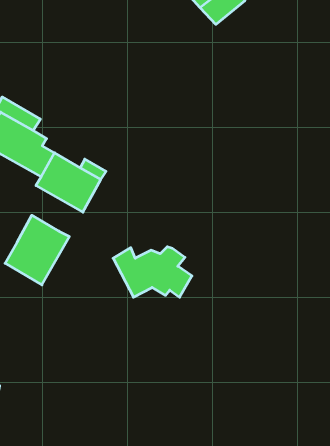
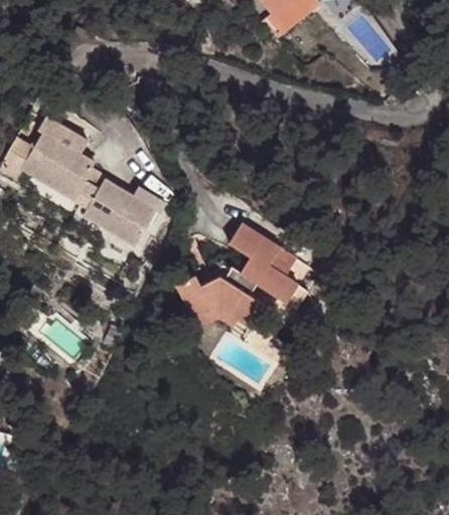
building: none -> [224,229,295,311]
building: [5,215,69,285] -> none

